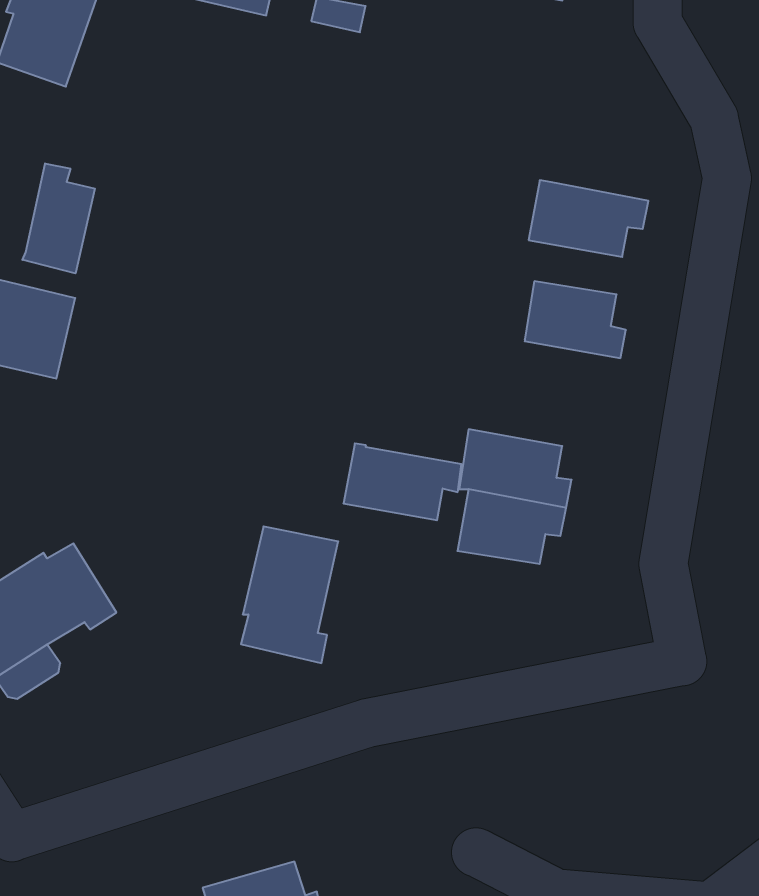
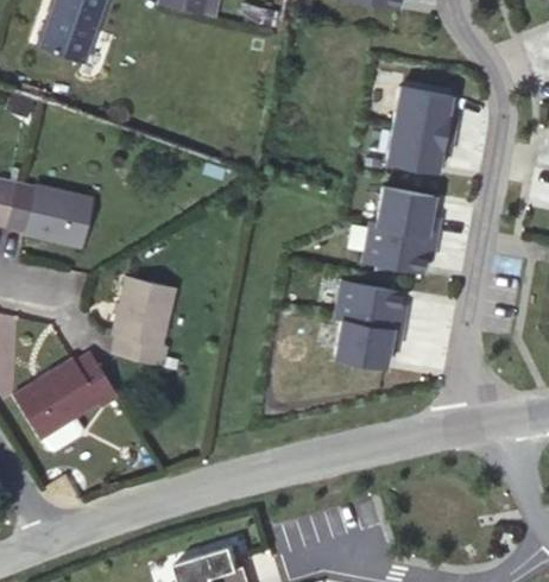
building: none -> [393,86,457,134]
building: [22,163,95,273] -> none
building: [343,443,461,520] -> [362,221,437,270]
building: [241,526,338,663] -> [112,277,173,363]

